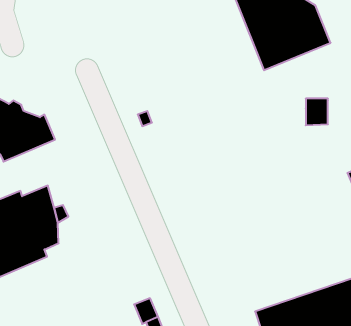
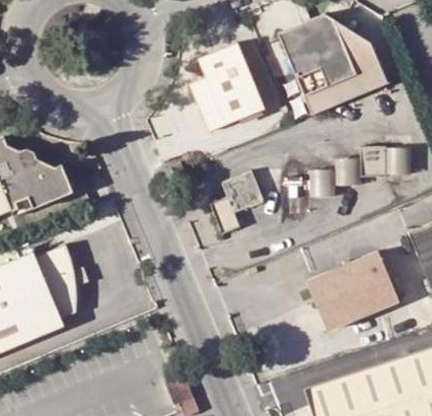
building: none -> [191,43,265,131]
building: none -> [210,169,265,234]
building: none -> [304,250,399,332]

